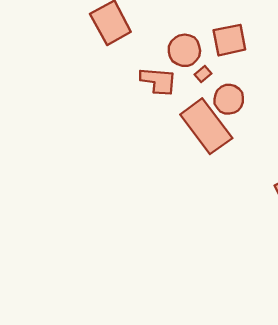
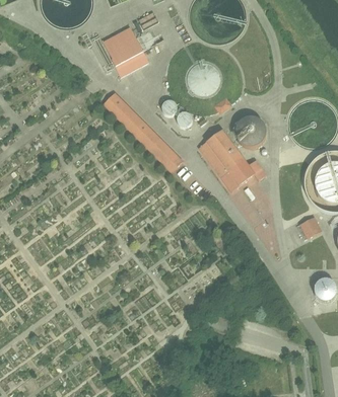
building: [214,25,245,56] -> none
building: none -> [103,91,183,172]

